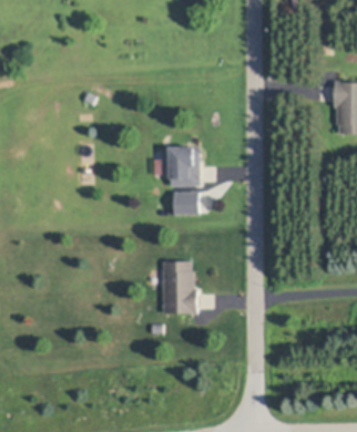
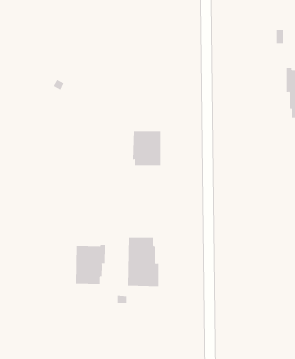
building: [173,192,197,214] -> none
building: none -> [75,244,106,285]

